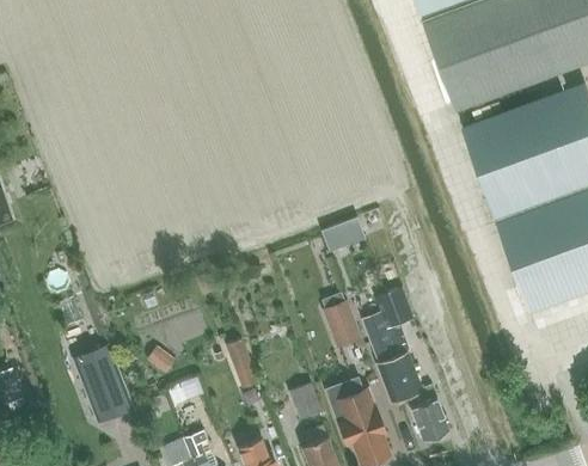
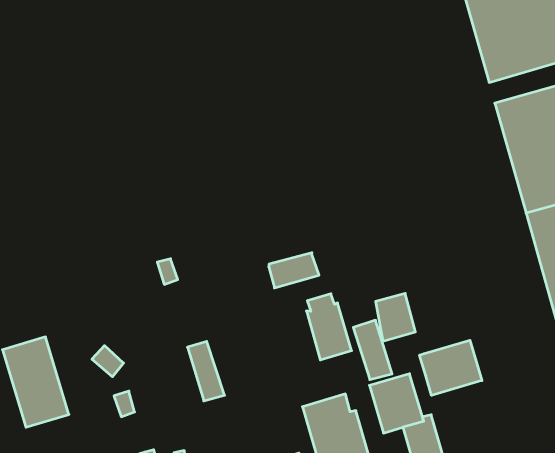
building: [321,219,363,250] -> [269,253,319,288]
building: none -> [420,340,482,395]
building: [289,384,321,421] -> none

